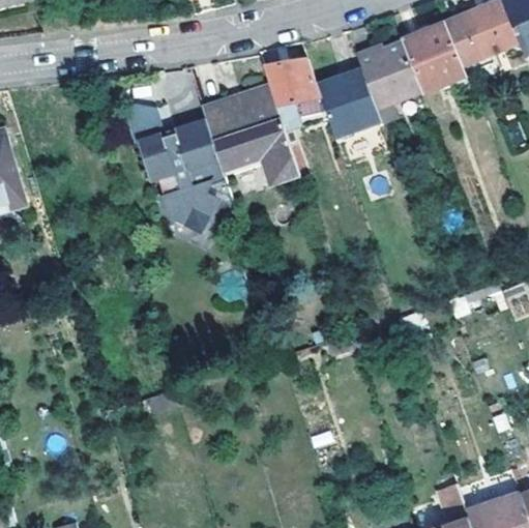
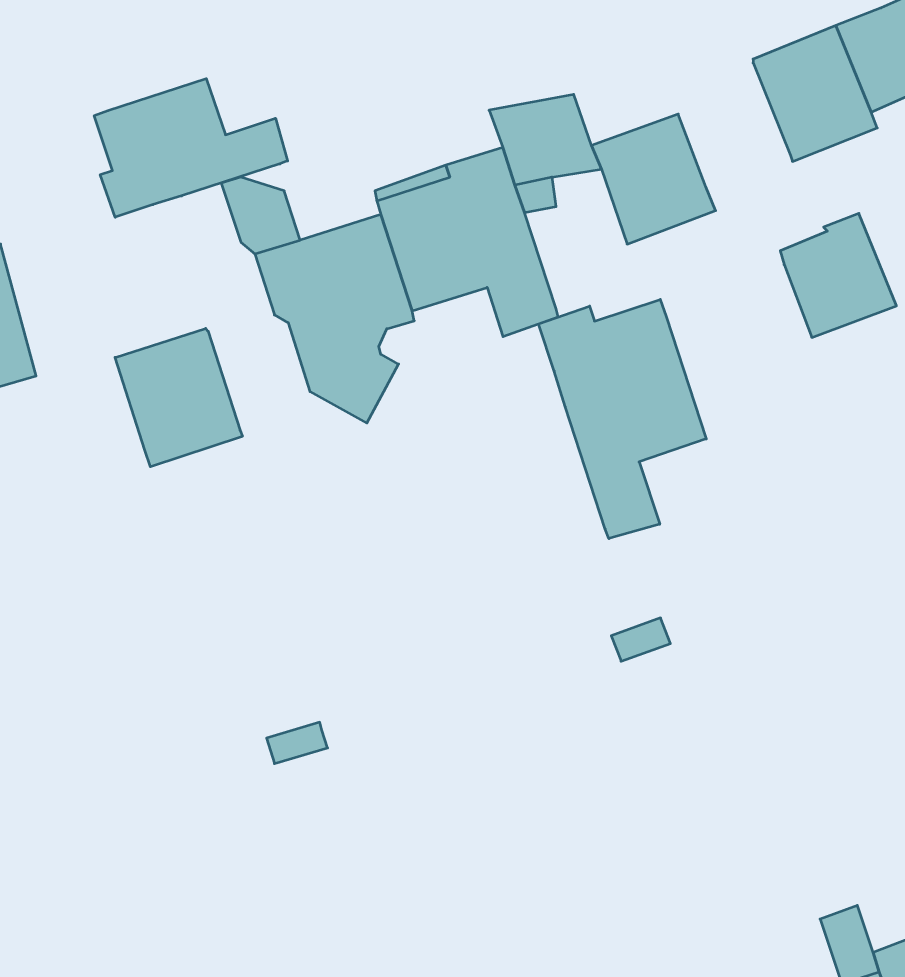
building: [359,41,420,107] -> [780,213,896,337]
building: none -> [94,79,288,217]
building: none -> [539,299,706,539]
building: none -> [115,328,242,467]

